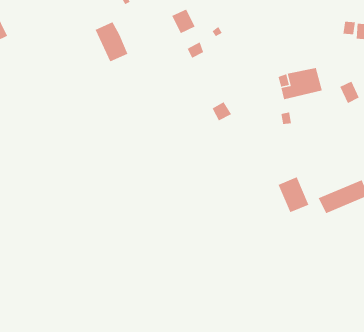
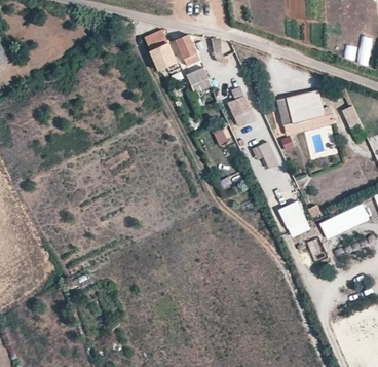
building: [94,21,128,62] -> [142,29,176,70]
building: none -> [227,86,255,127]
building: none -> [252,142,277,170]

